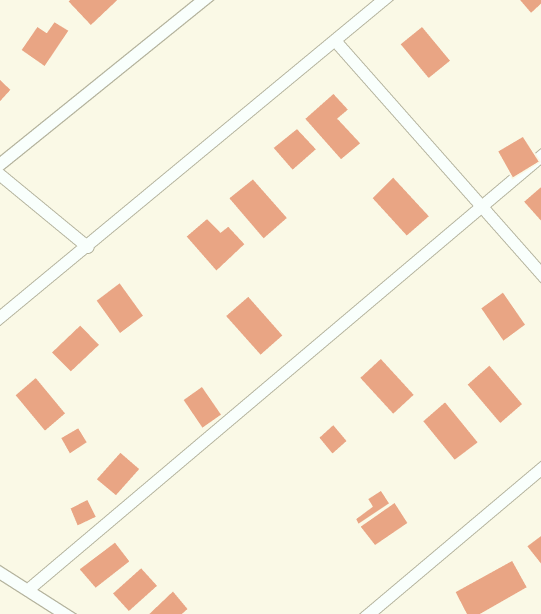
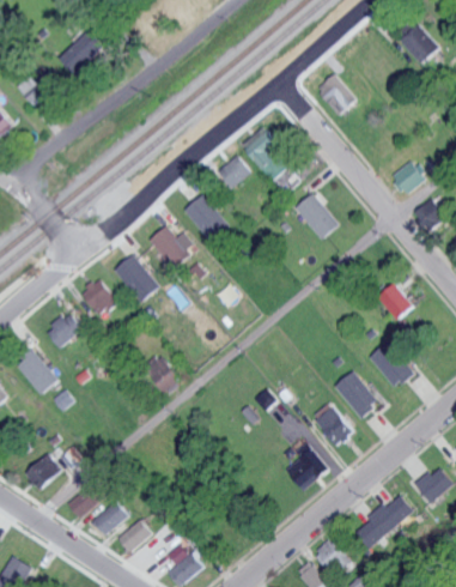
building: [225,296,283,355] -> [113,255,158,302]
building: [359,358,414,415] -> [311,401,354,446]
building: [96,452,140,496] -> [24,454,59,489]

